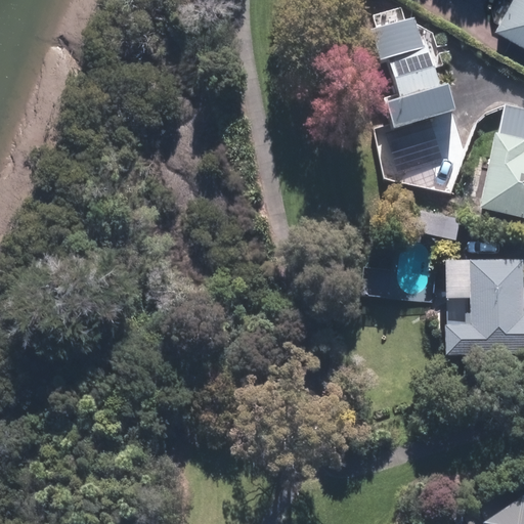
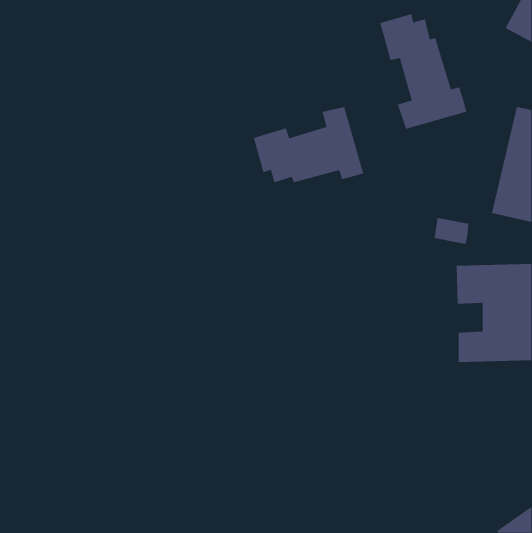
building: none -> [253,106,364,183]
building: [394,125,441,173] -> none

